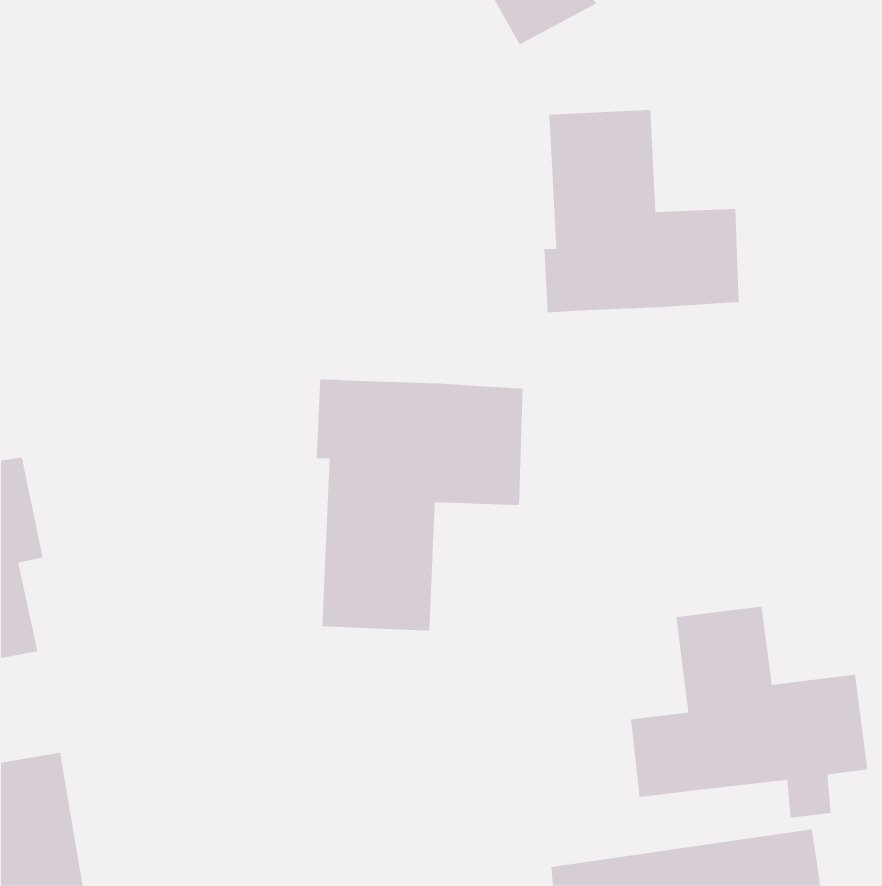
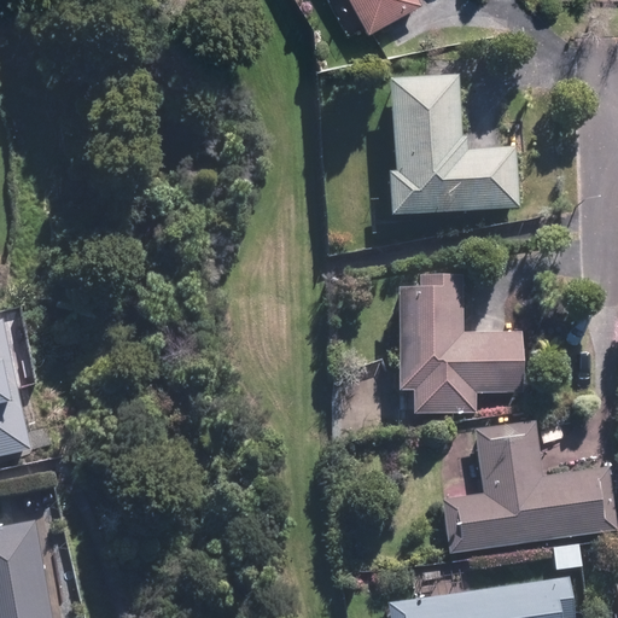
building: [316,378,523,632] -> none
building: none -> [395,275,523,415]

